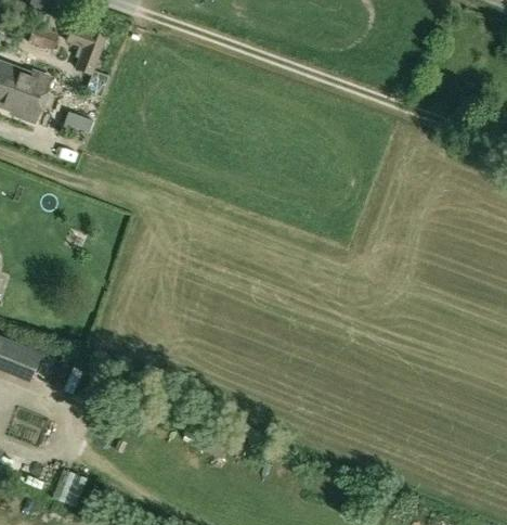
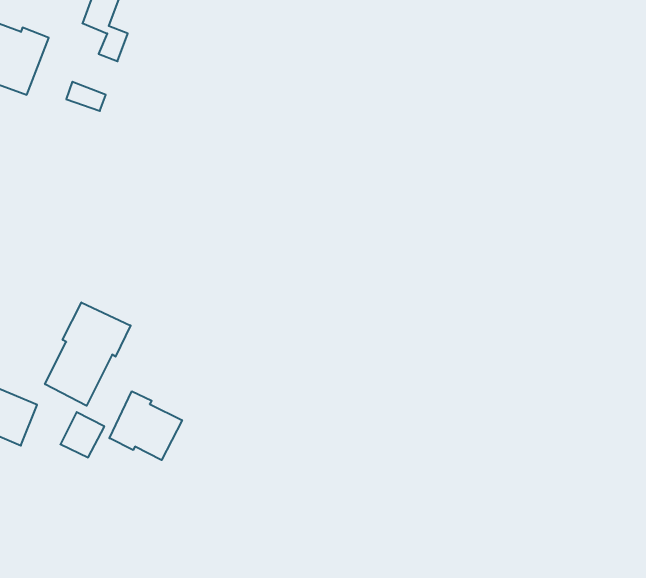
building: none -> [45,302,131,406]
building: none -> [109,391,182,460]

